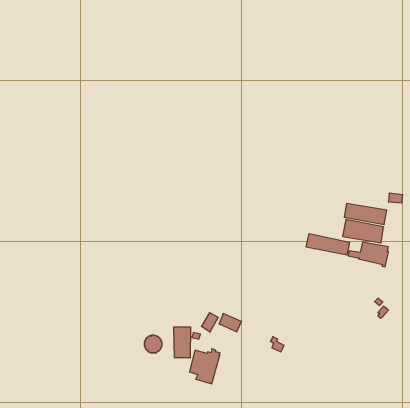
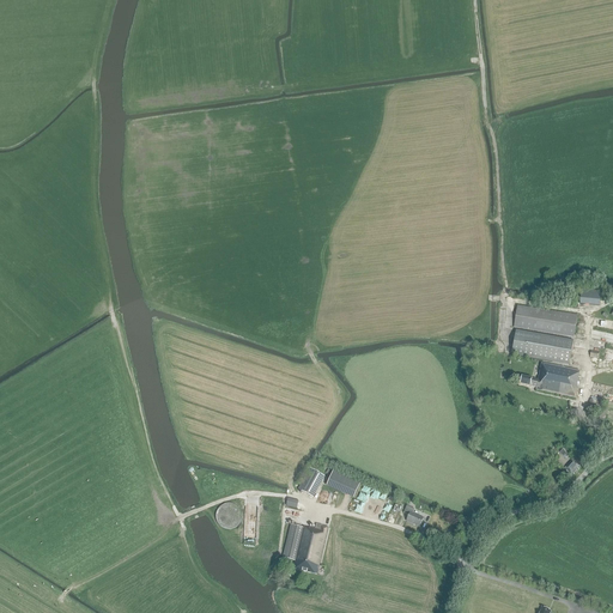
building: [306,234,350,255] -> none
building: [174,327,190,358] -> none

